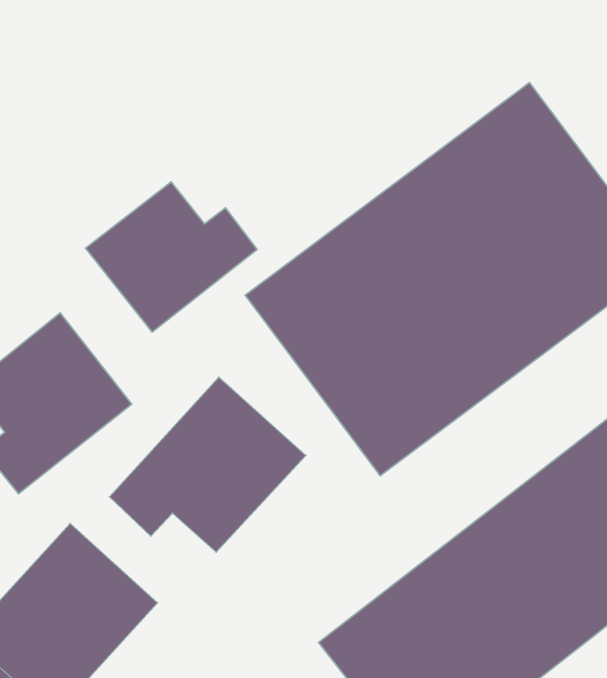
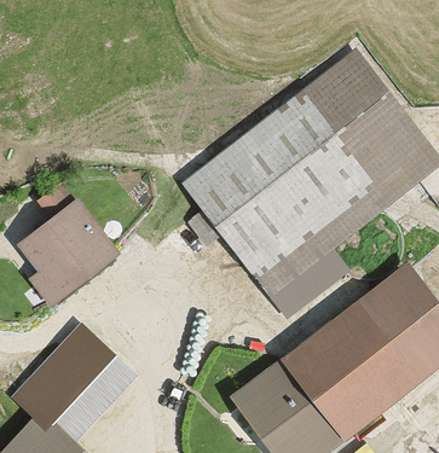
building: [85,182,257,332] -> none
building: [109,377,306,552] -> none

